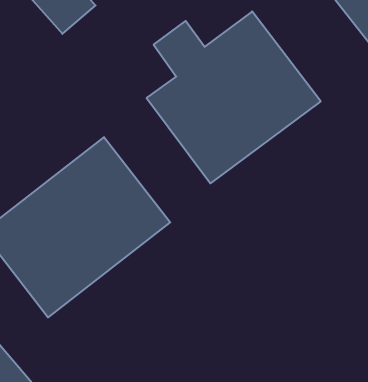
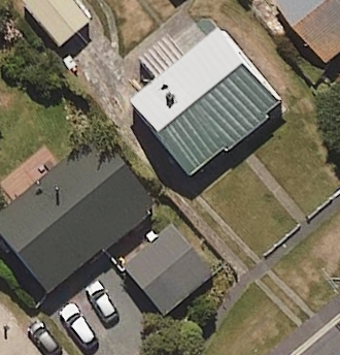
building: none -> [121,227,208,316]

